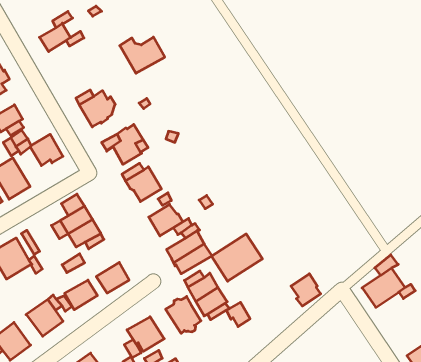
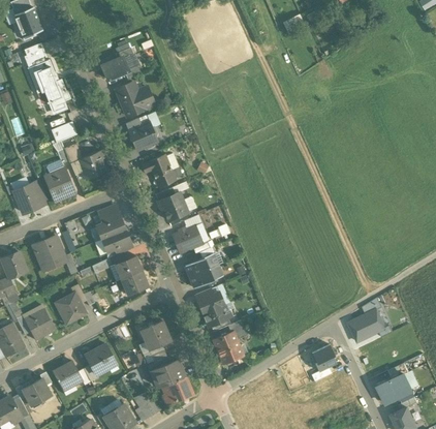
building: [120,37,165,73] -> [116,85,153,116]
building: [211,234,262,281] -> none
building: [291,274,321,306] -> [311,344,336,371]
building: [65,280,97,310] -> [114,255,142,279]
building: [166,296,201,333] -> [213,332,242,363]

